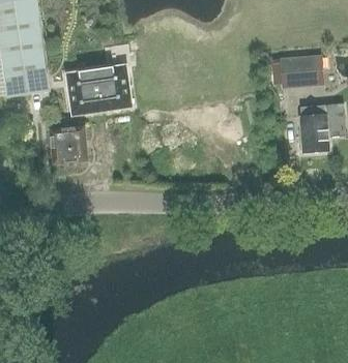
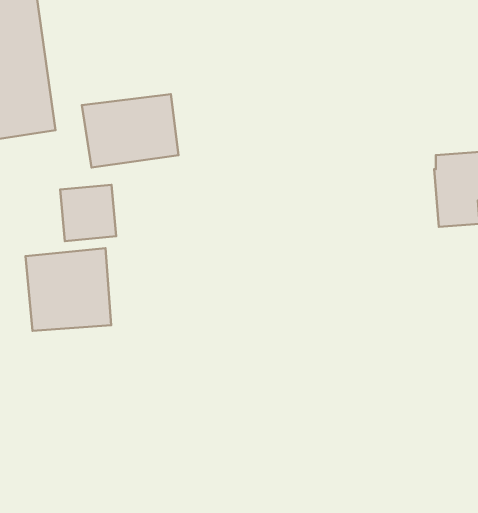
building: [279,54,324,88] -> none
building: none -> [26,248,111,331]

